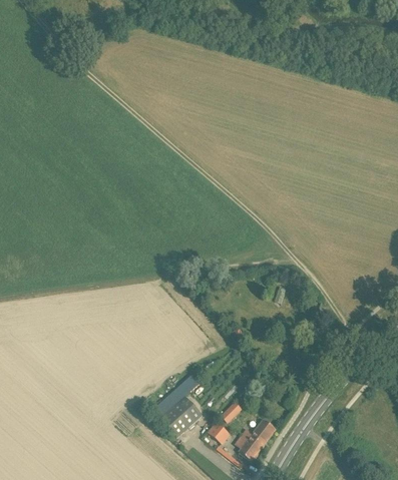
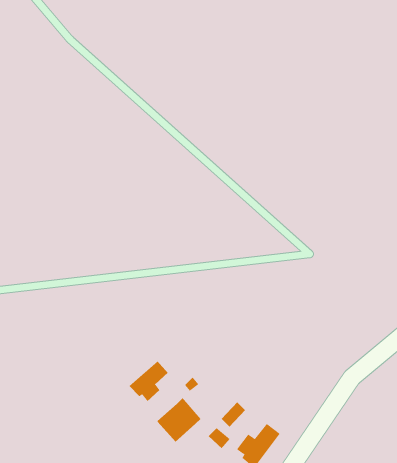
building: none -> [128,361,168,402]

